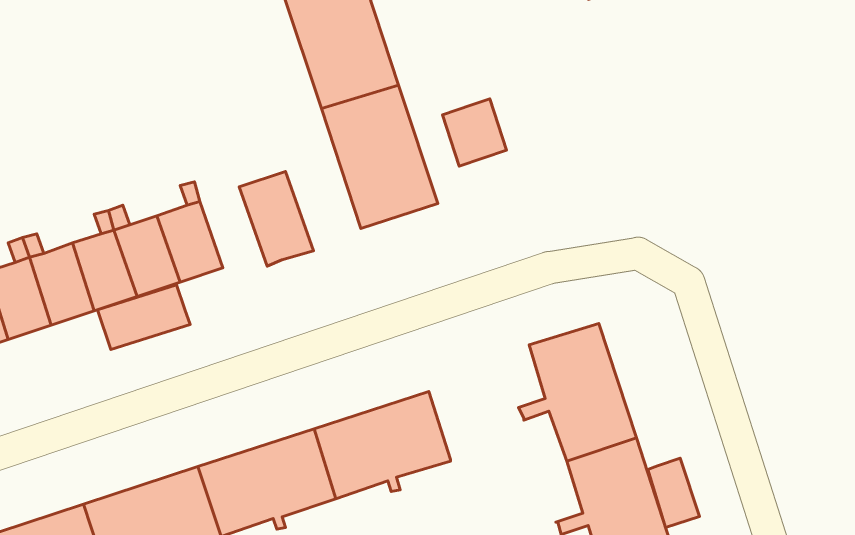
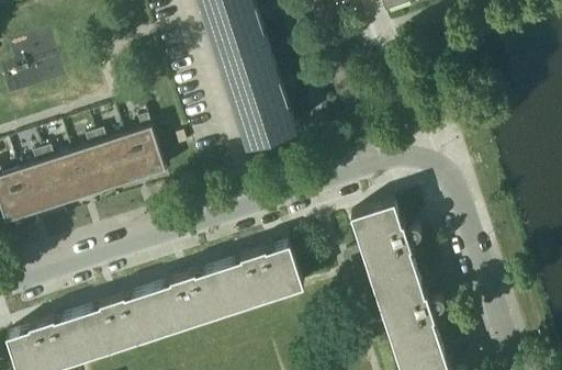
building: [442,99,506,166] -> none
building: [239,172,313,266] -> none
building: [97,285,190,350] -> none
building: [648,458,700,527] -> none

